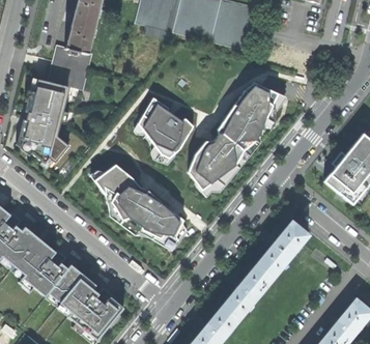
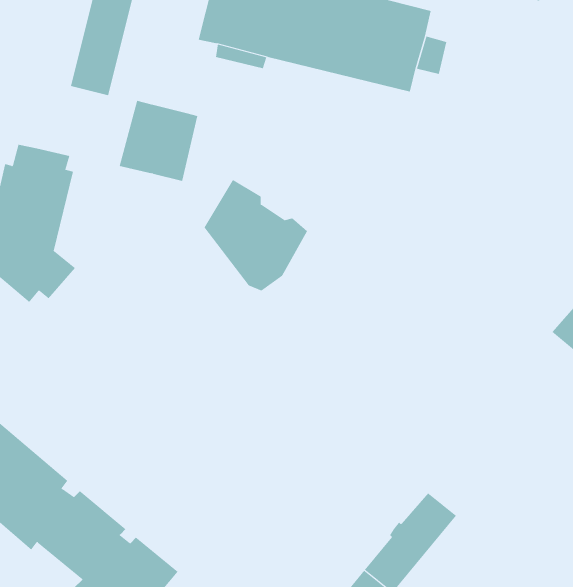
building: [49,47,91,90] -> [119,100,198,182]
building: [188,83,275,191] -> none
building: [95,165,184,245] -> none
building: [258,223,309,279] -> none

